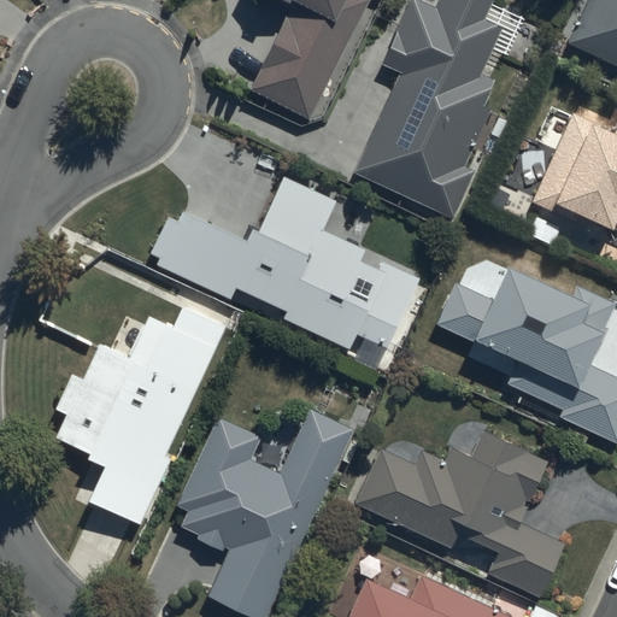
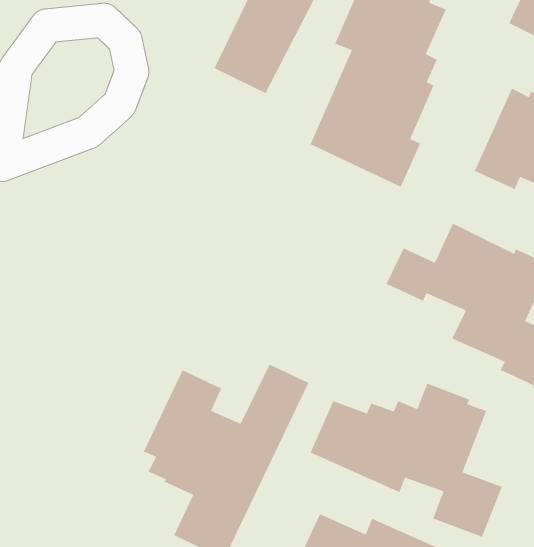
building: [151,175,419,349] -> none
building: [54,308,223,524] -> none

